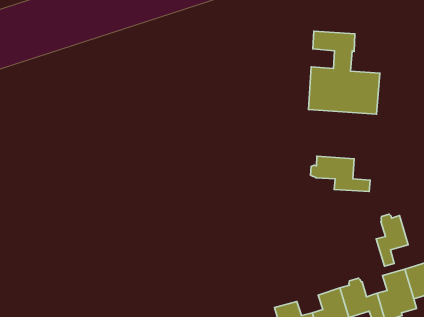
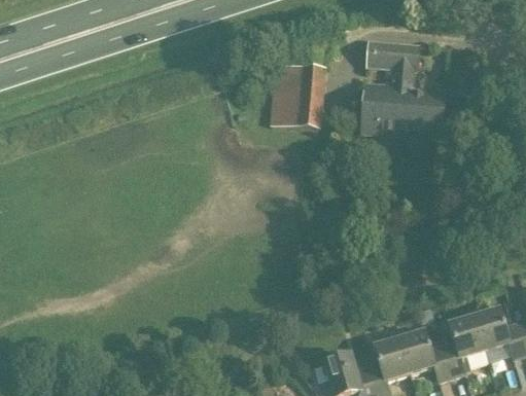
building: none -> [270,61,326,128]
building: [311,156,370,191] -> none
building: [376,214,408,266] -> none

